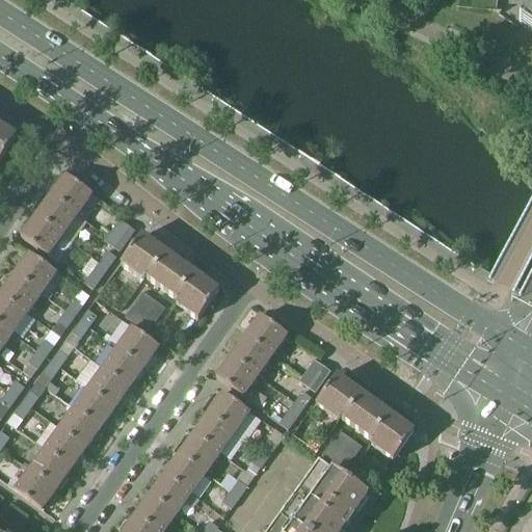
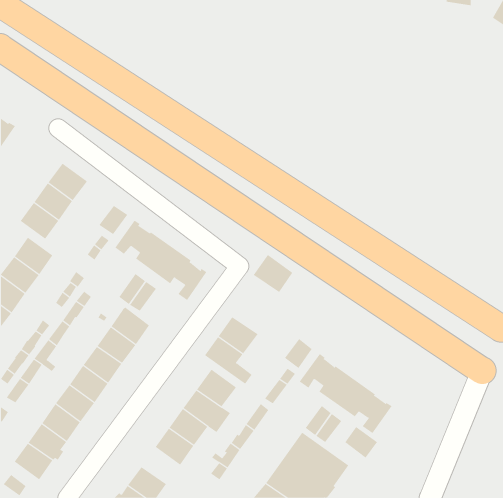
building: [245,312,288,352] -> [253,254,293,293]
building: none -> [344,426,378,459]
building: [150,471,191,510] -> none

